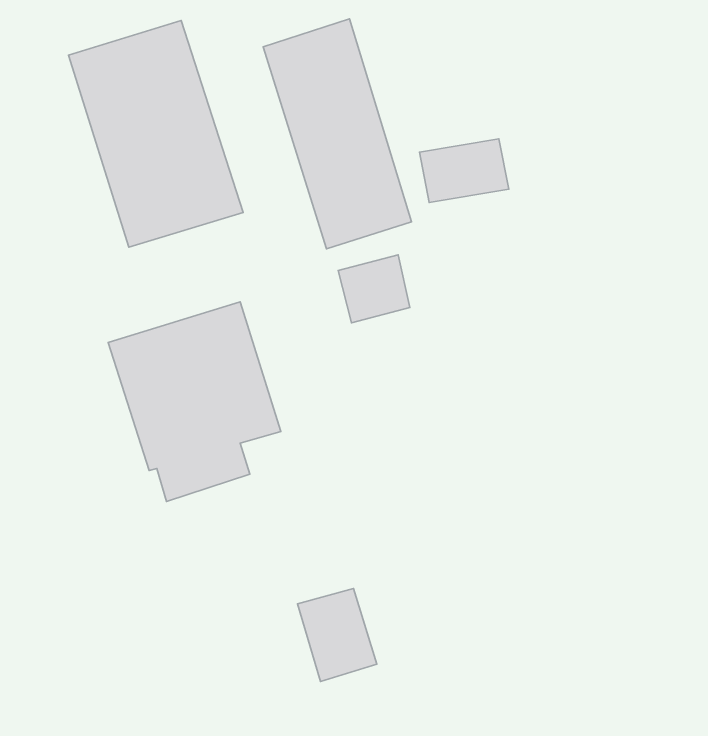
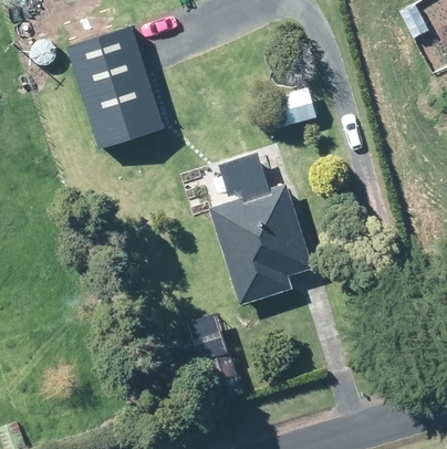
building: [263,19,411,249] -> none
building: [108,302,281,501] -> [209,190,308,304]

